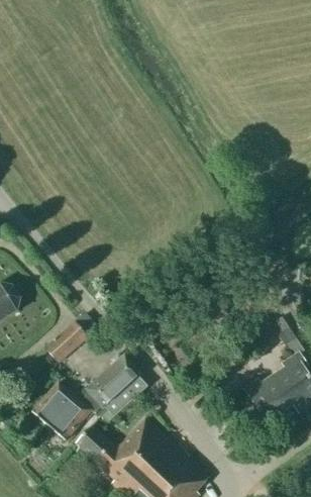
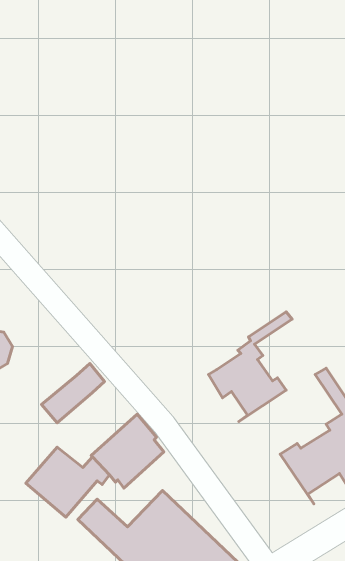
building: none -> [208,312,292,421]

